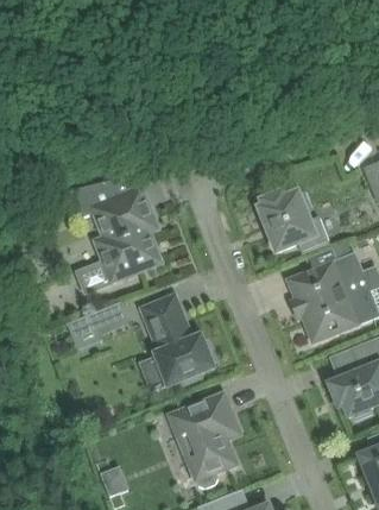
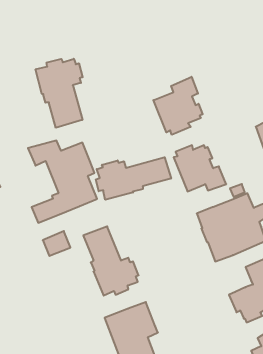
building: none -> [36,59,83,128]
building: none -> [153,77,203,135]
building: none -> [96,157,171,200]

